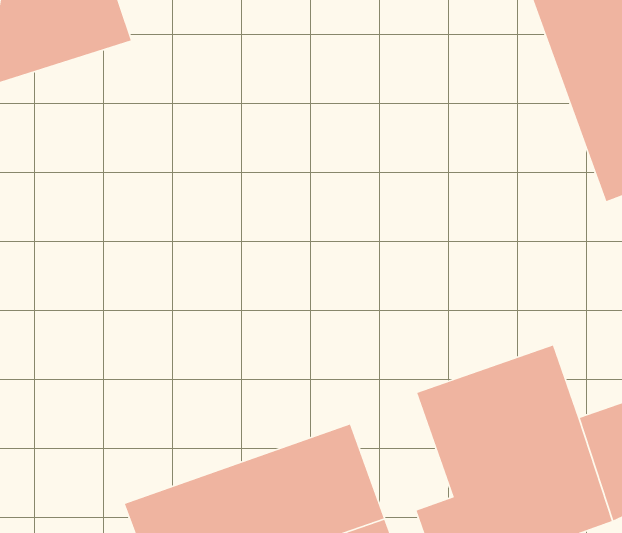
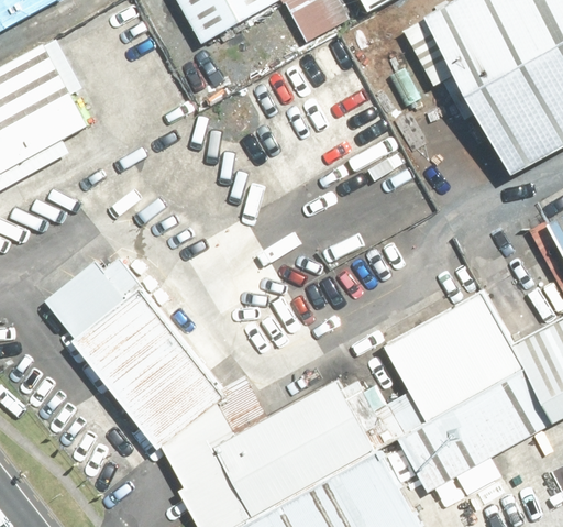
building: none -> [46,246,227,447]

